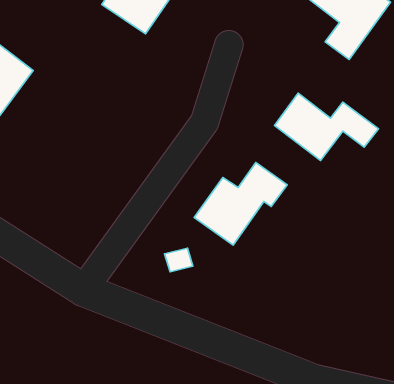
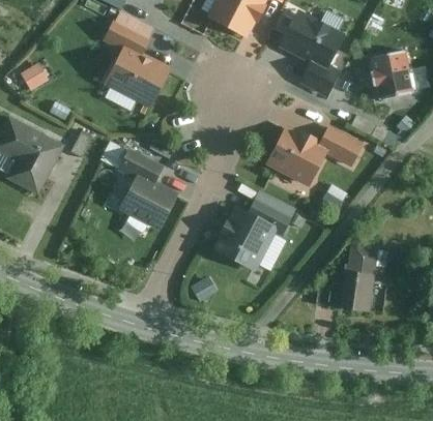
building: none -> [115,152,172,228]
building: none -> [335,246,378,308]

